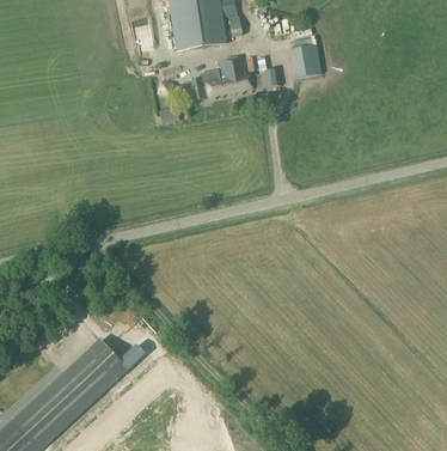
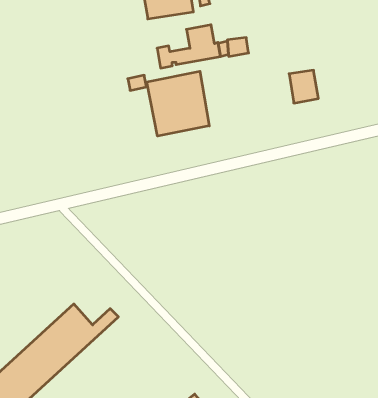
building: [290,43,320,77] -> [289,70,318,103]
building: none -> [147,71,209,136]

